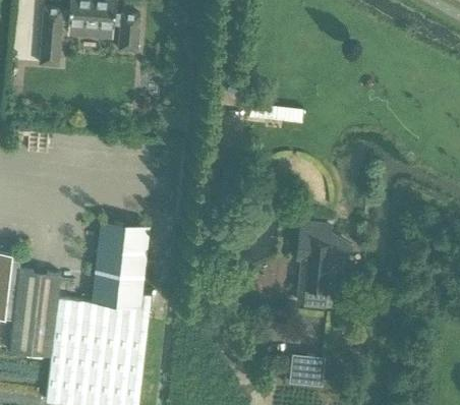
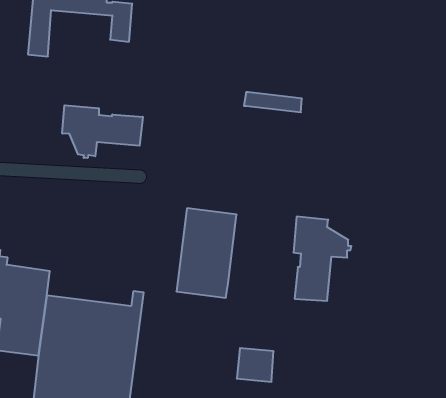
building: none -> [62,105,143,158]
building: [92,223,150,309] -> [176,208,237,298]
building: [287,358,323,391] -> [237,348,274,382]

